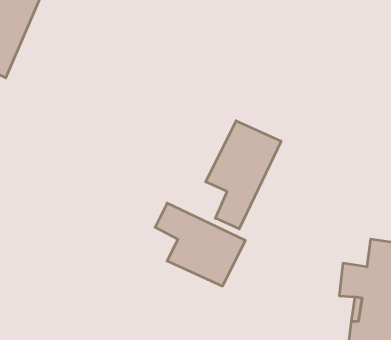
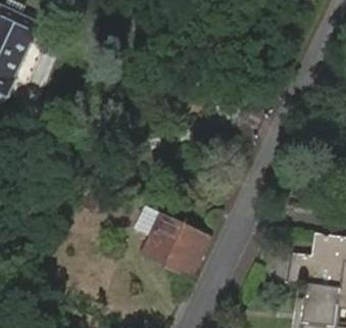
building: [206,121,281,229] -> none

